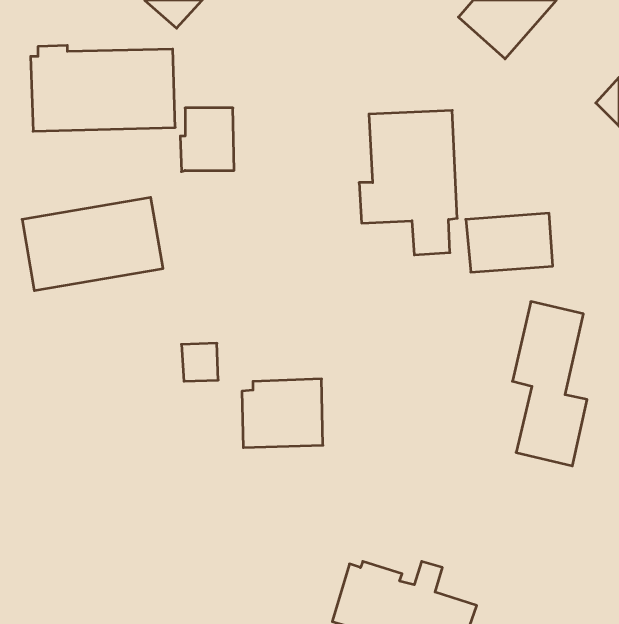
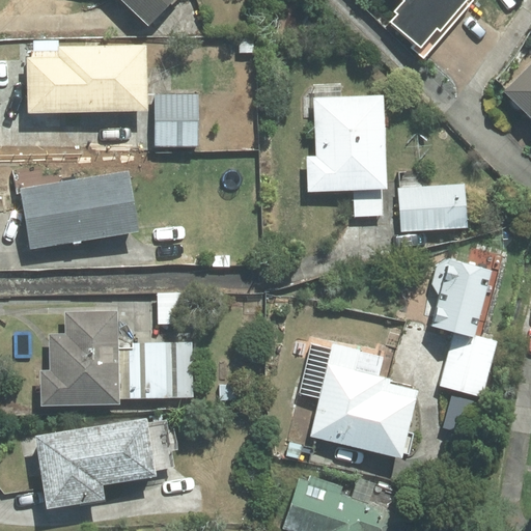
building: none -> [38,310,119,406]
building: [242,379,323,448] -> [123,341,192,399]
building: none -> [309,343,418,457]
building: none -> [36,417,173,507]

